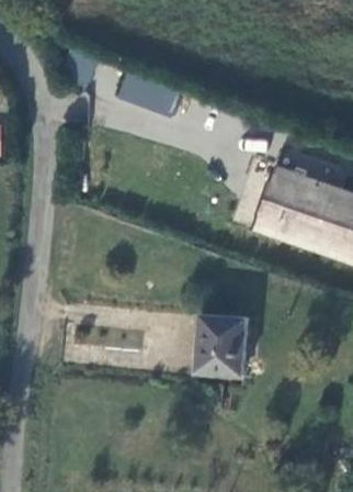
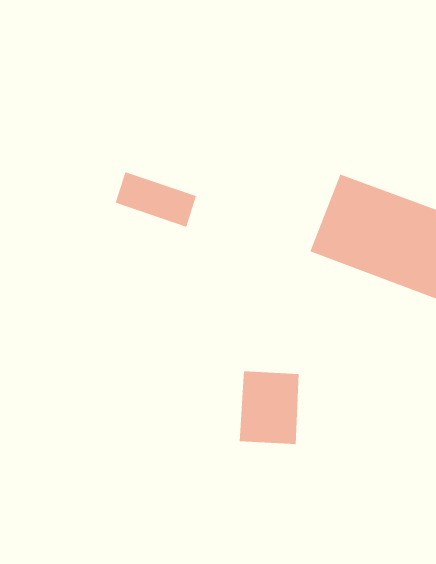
building: [116,74,179,116] -> [115,171,197,227]

